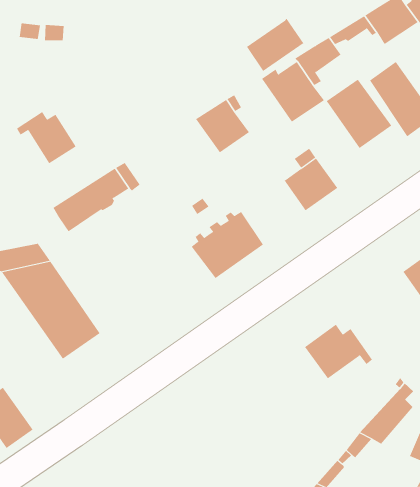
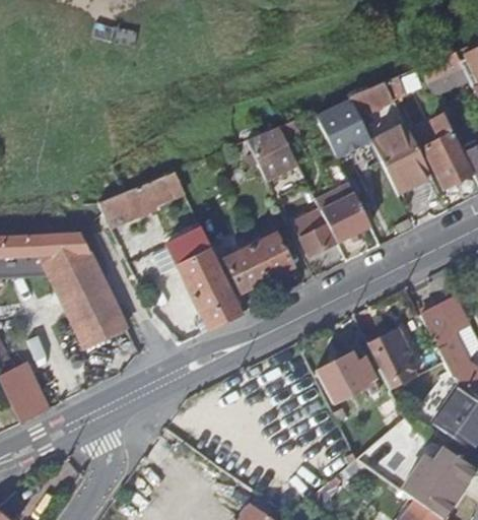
building: [246,18,304,72] -> none
building: [16,111,76,164] -> none
building: none -> [293,210,336,257]
building: none -> [166,229,243,330]
building: none -> [366,329,416,390]

